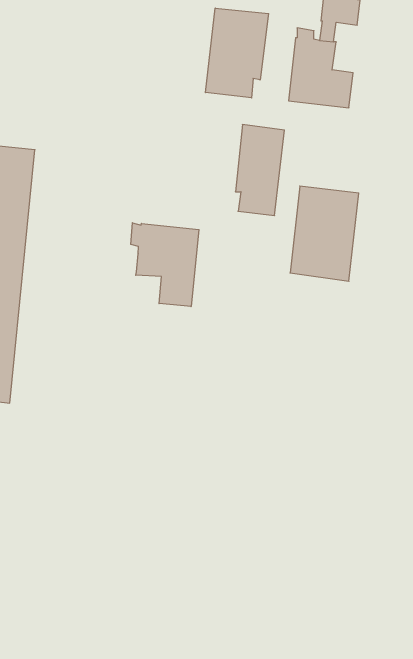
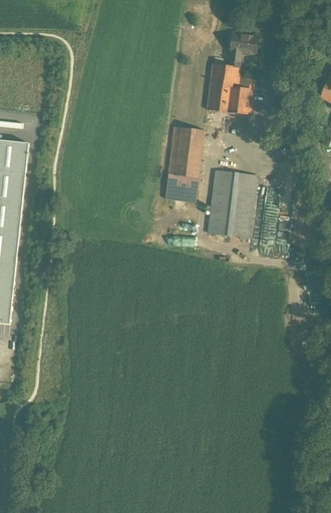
building: [205,8,269,98] -> none
building: [131,223,199,307] -> none

